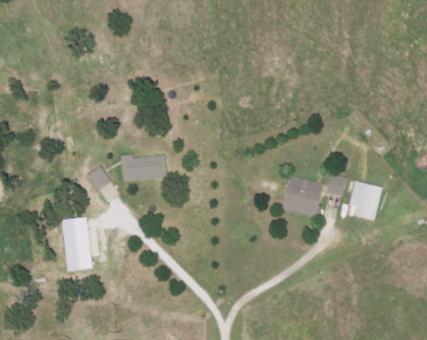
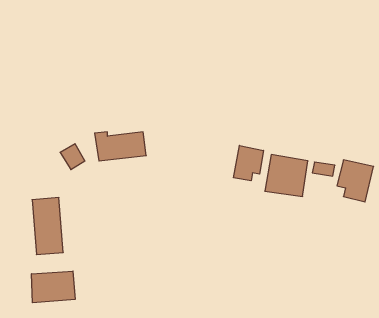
building: none -> [234,145,263,181]
building: none -> [32,271,75,303]

